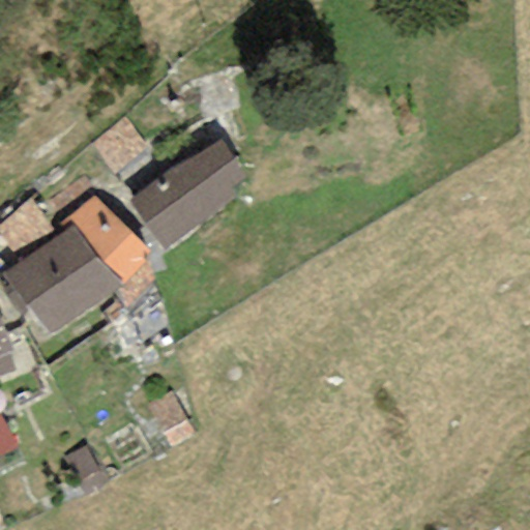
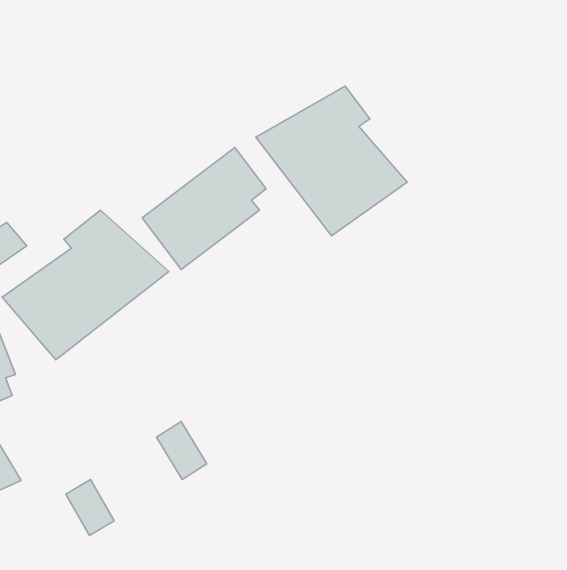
building: none -> [256,86,407,236]

